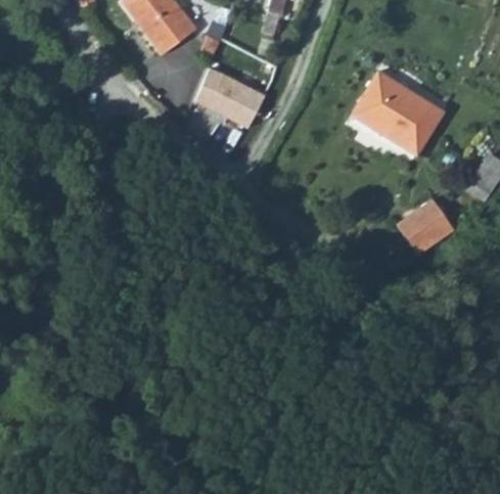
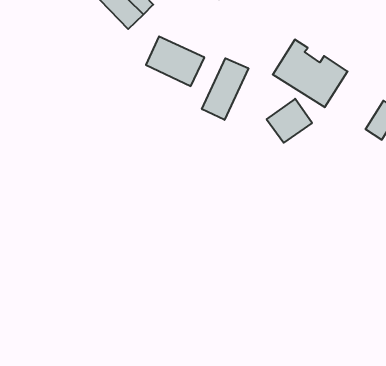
building: none -> [202,58,248,120]
building: [394,201,451,257] -> [267,99,312,143]

